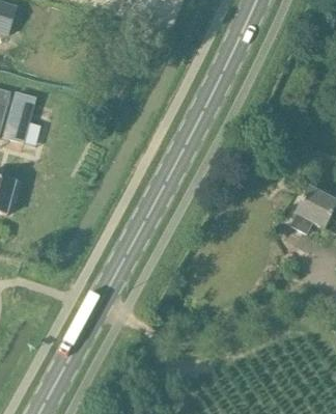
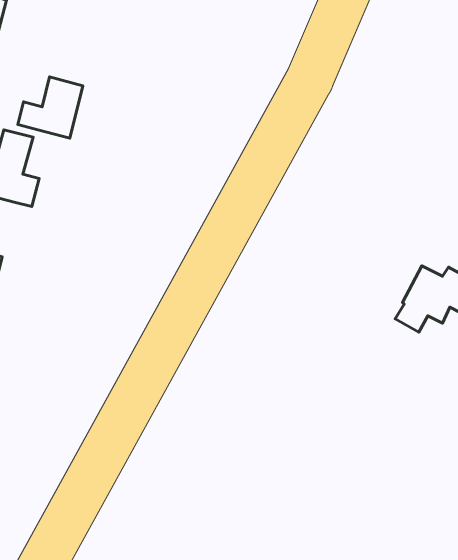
building: none -> [18,77,83,138]

